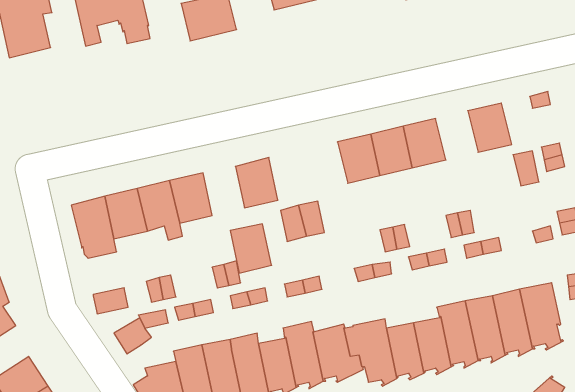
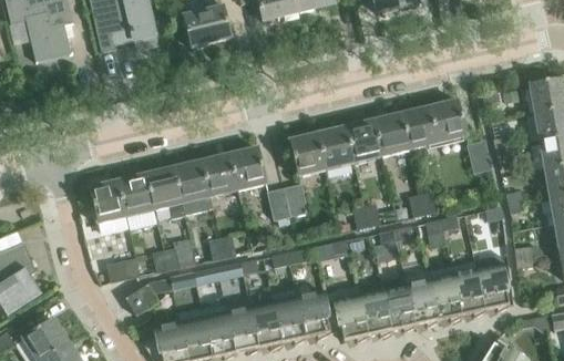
building: none -> [401,107,438,149]
building: none -> [289,134,326,176]
building: [230,224,272,273] -> [202,155,237,197]

